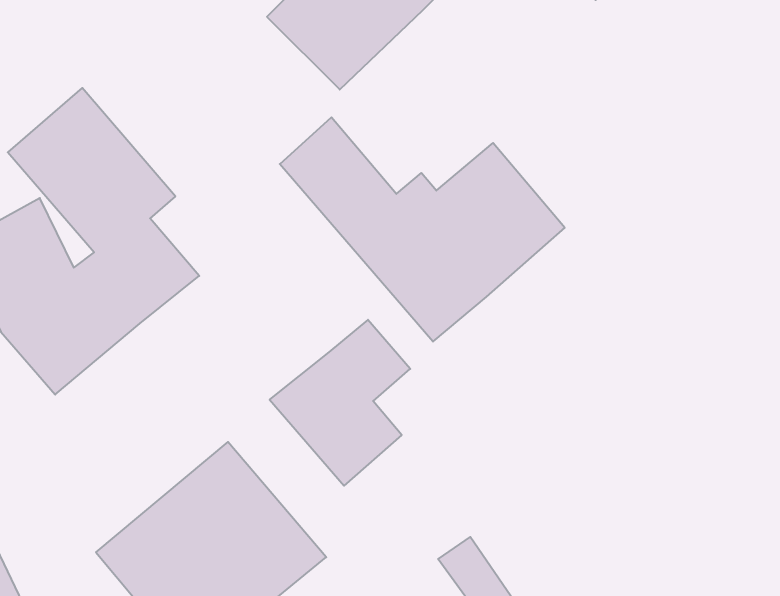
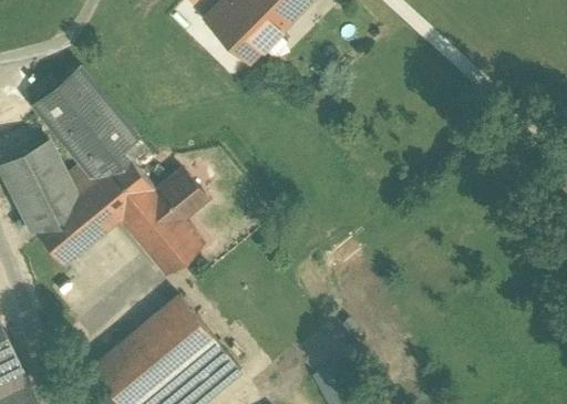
building: [280,117,565,342] -> none
building: [270,320,410,486] -> [117,167,209,276]

